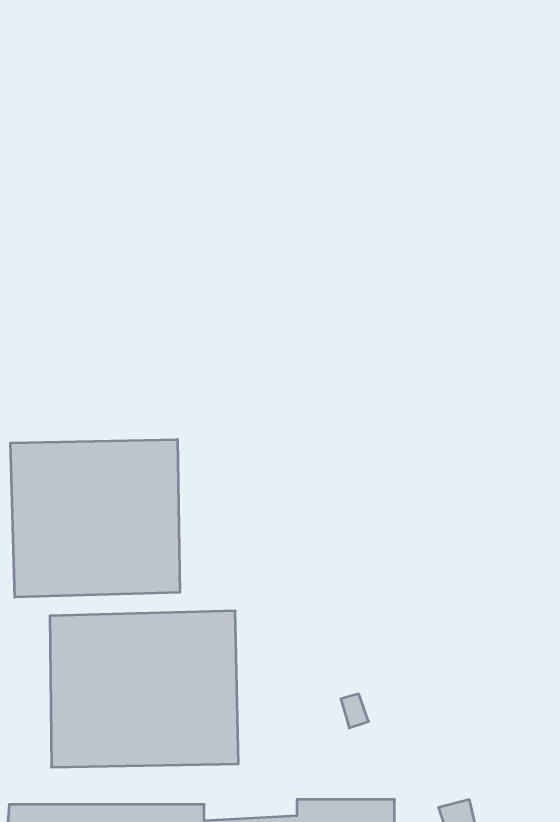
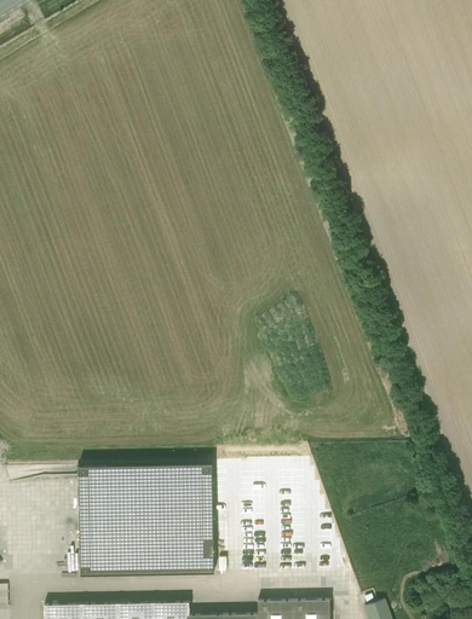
building: [11,439,180,597] -> none

